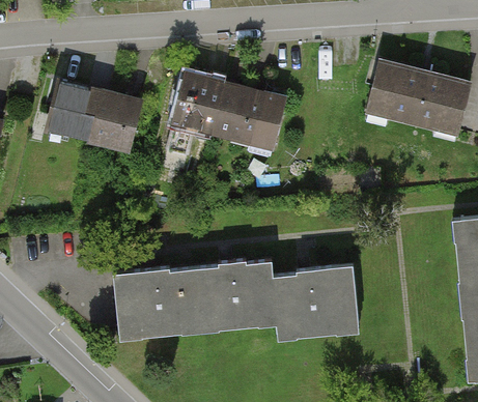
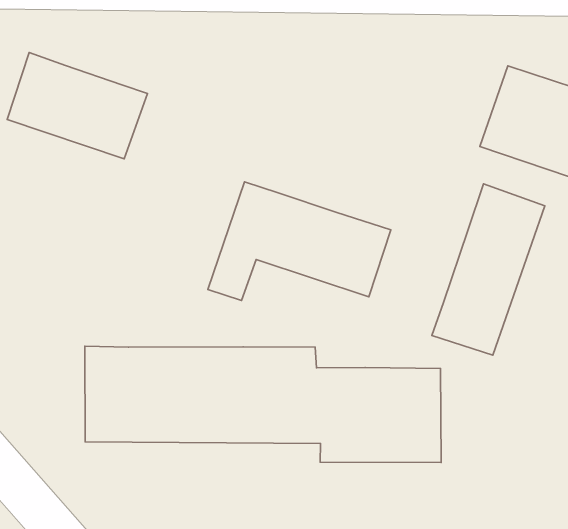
building: [168,76,285,154] -> [208,182,391,301]
building: none -> [432,184,545,355]

